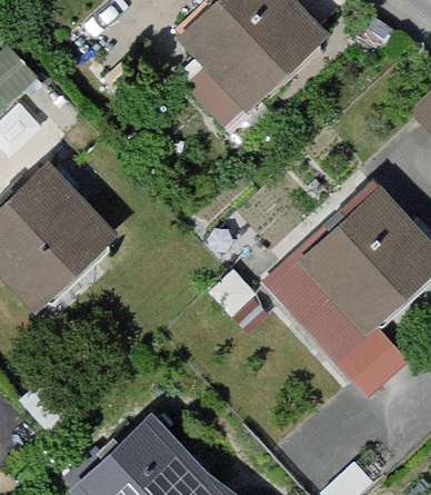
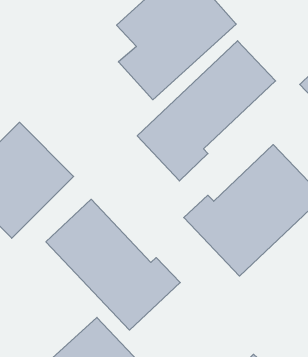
building: none -> [137,41,276,181]
building: none -> [46,199,180,330]

